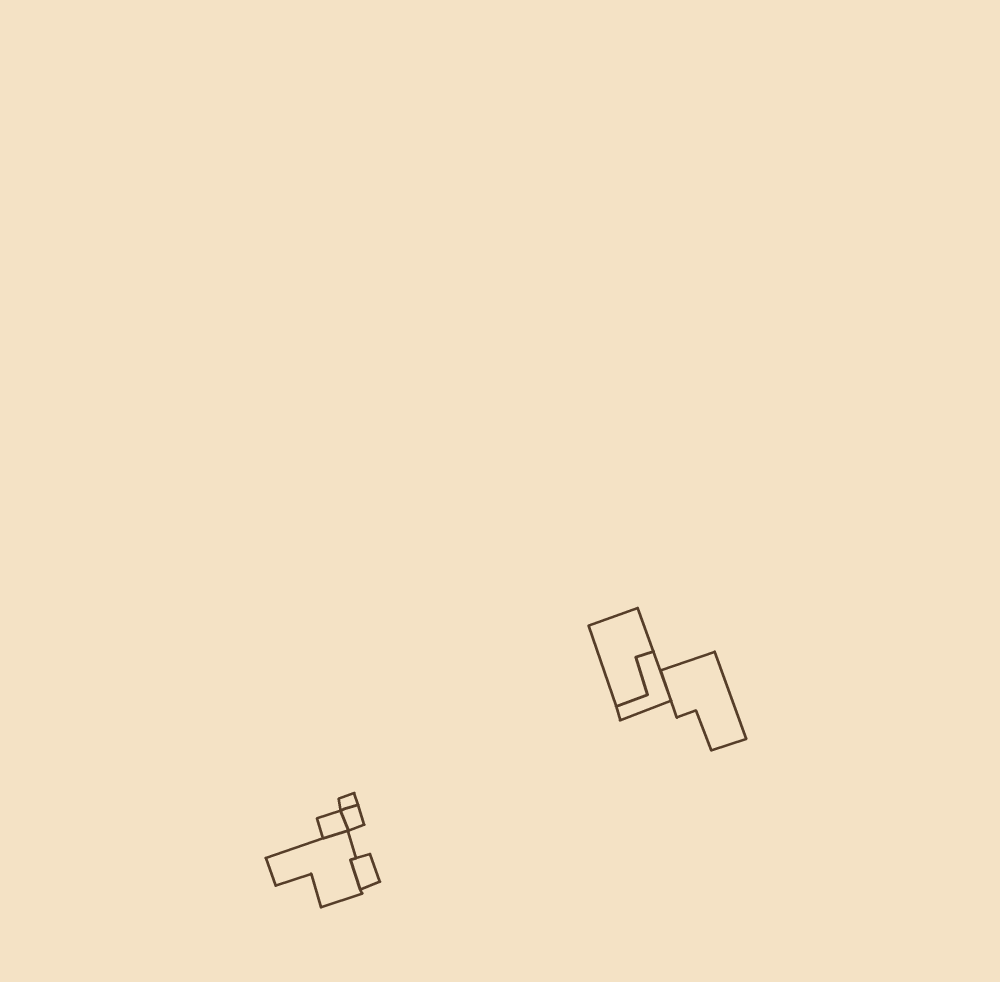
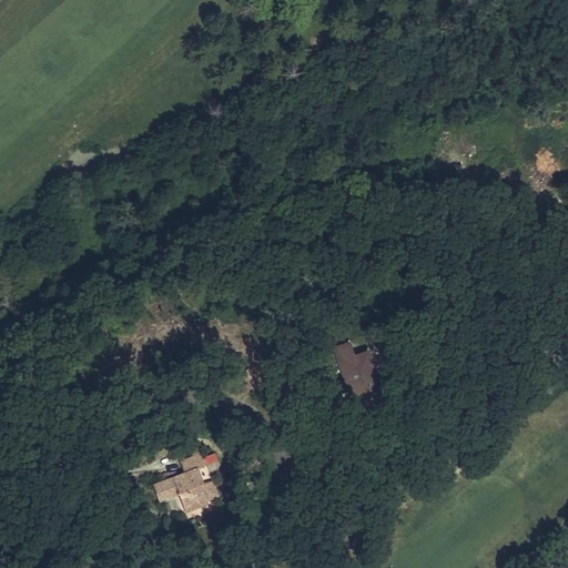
building: [661,652,746,750] -> none

